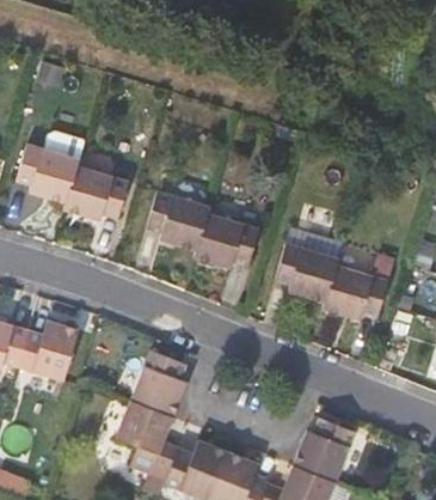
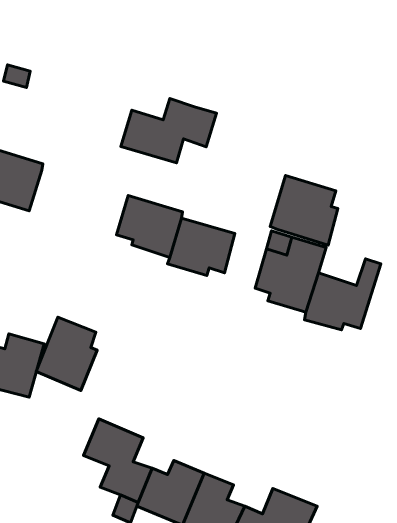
building: none -> [121,99,217,163]
building: [63,165,127,221] -> none
building: none -> [270,175,338,245]
building: [130,348,188,417] -> [36,317,97,391]
building: [294,416,356,482] -> none

